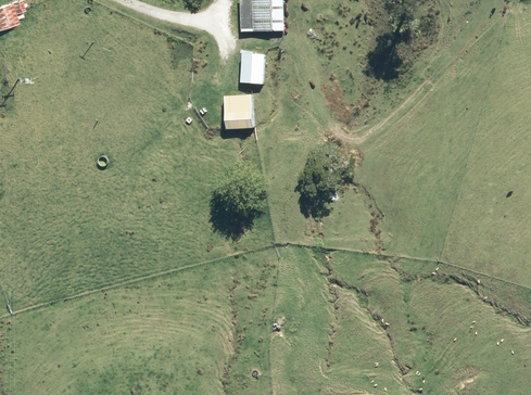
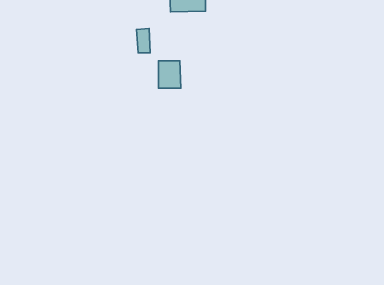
building: [244,49,262,79] -> [136,29,150,53]

